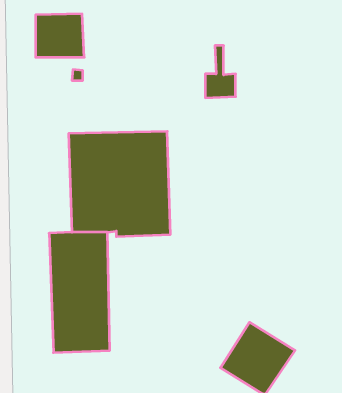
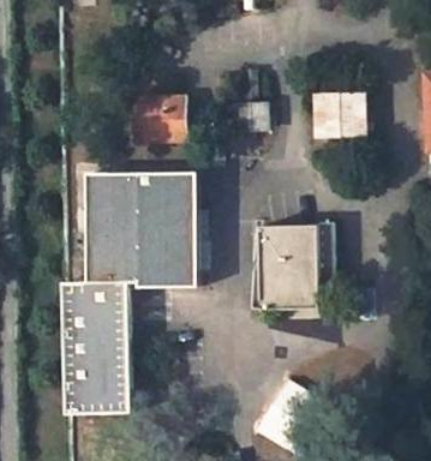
building: [36,14,84,57] -> [133,96,187,144]
building: none -> [313,92,365,136]
building: none -> [257,224,330,307]

